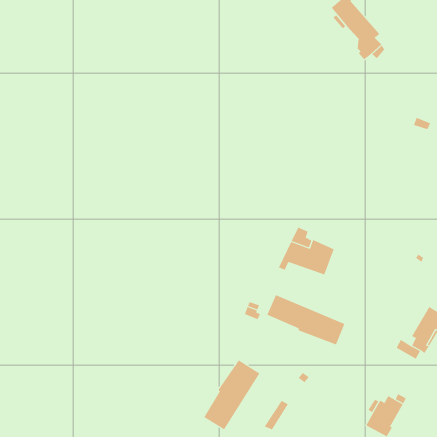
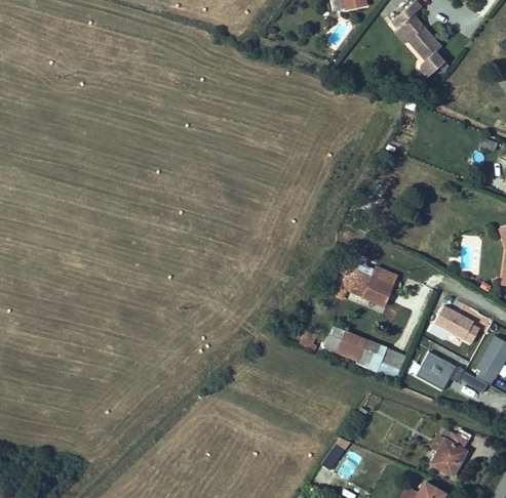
building: none -> [434,305,480,343]
building: none -> [416,352,456,391]
building: [203,360,260,430] -> none

